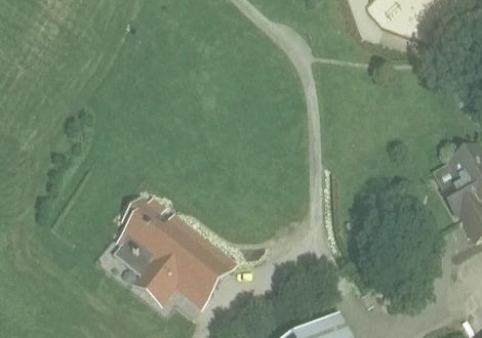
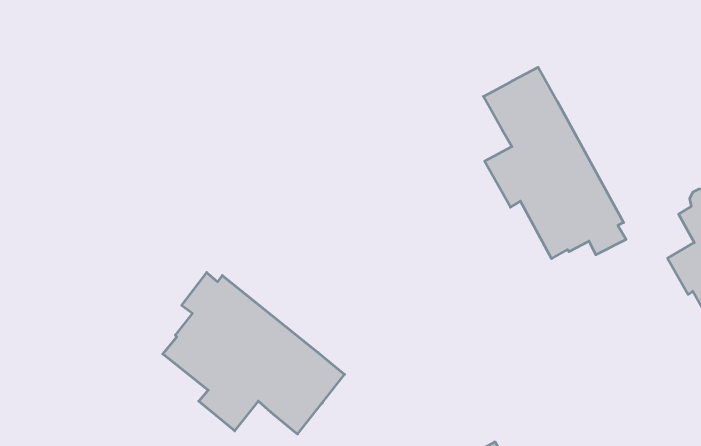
building: none -> [483,67,626,259]

